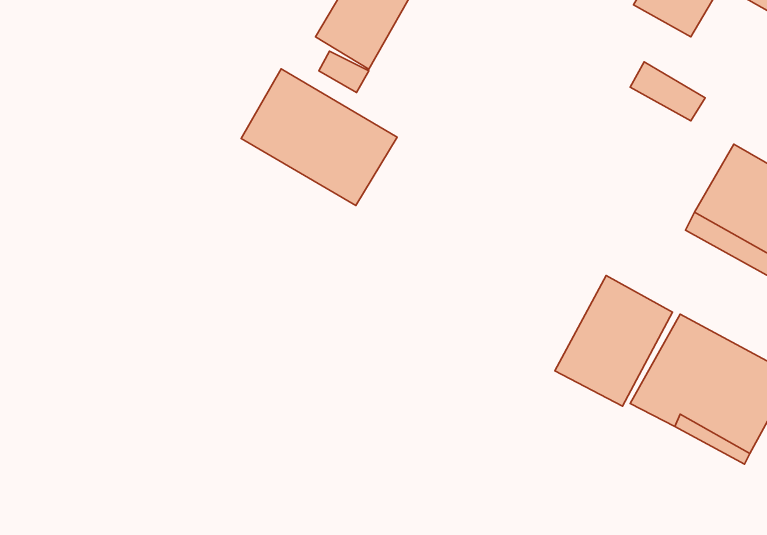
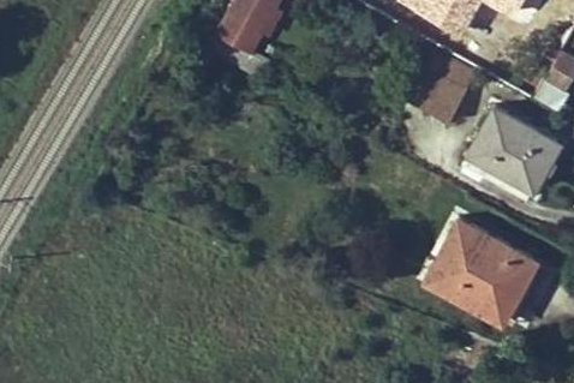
building: [241,69,397,205] -> none
building: none -> [406,66,465,121]
building: [555,276,672,406] -> none

